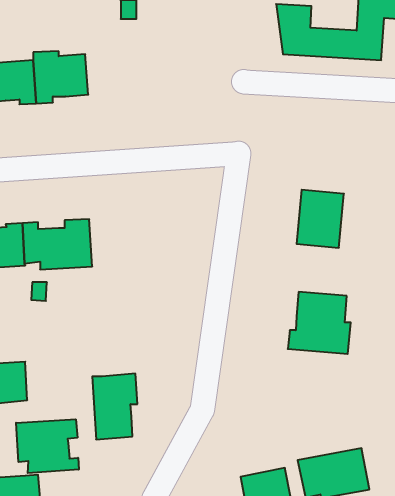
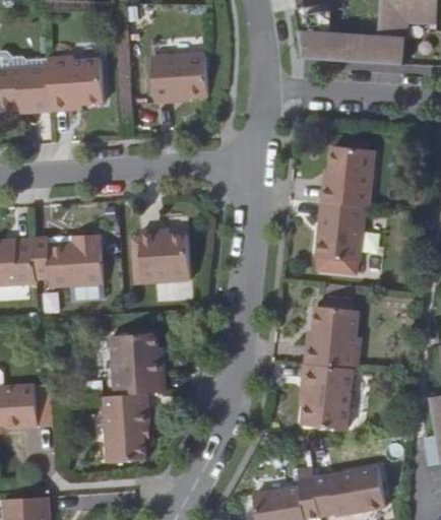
building: none -> [147,55,204,104]
building: none -> [320,144,373,205]
building: none -> [131,228,191,279]
building: none -> [110,329,165,394]
building: none -> [305,366,356,430]
building: [16,419,79,473] -> none

